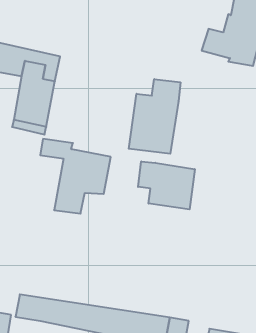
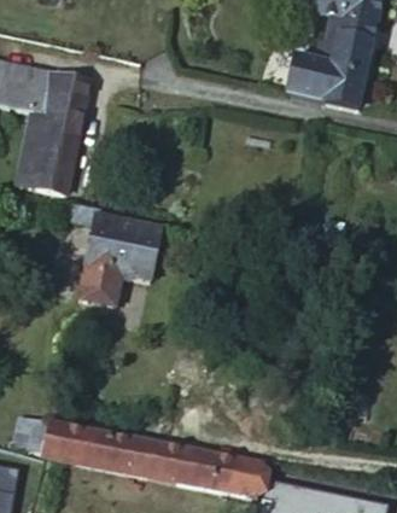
building: [129,79,180,154] -> none
building: [138,161,195,209] -> none

